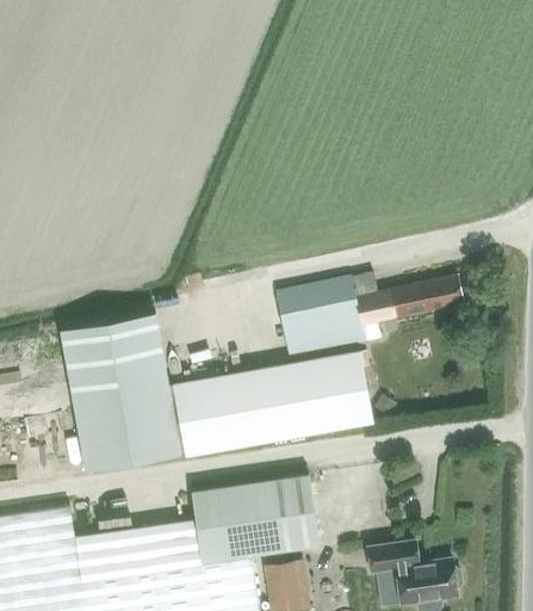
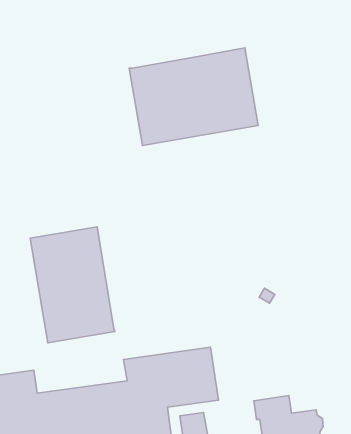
building: none -> [129,48,258,146]
building: [166,277,465,452] -> none

